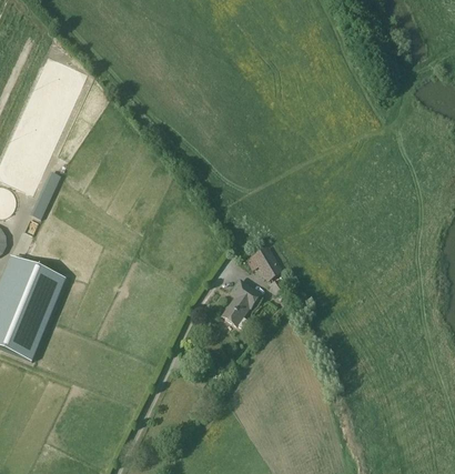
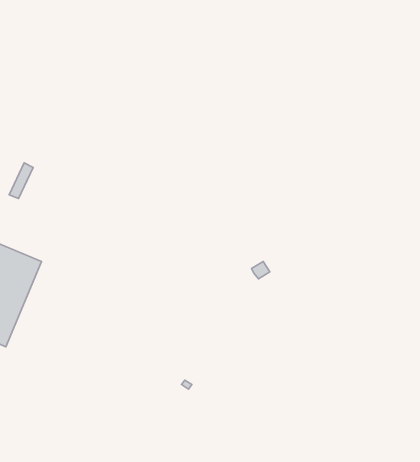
building: [245,244,283,280] -> none
building: [223,278,260,326] -> none

